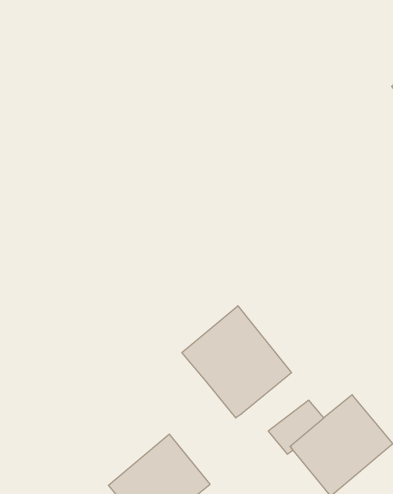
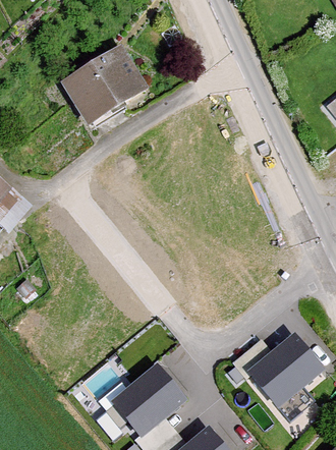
building: none -> [57,44,145,121]
building: [182,306,292,418] -> none

